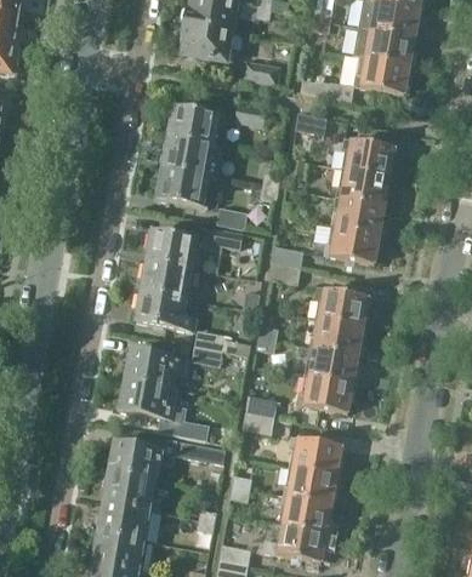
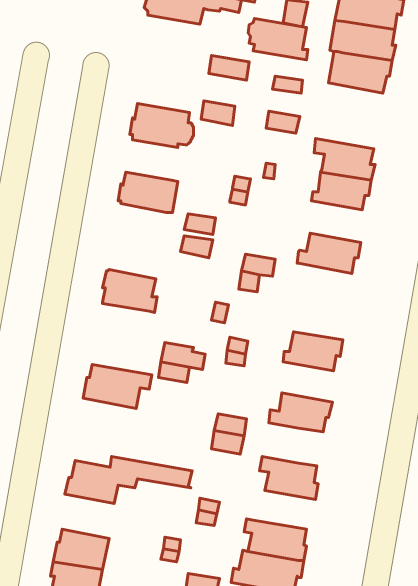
building: [178,23,234,62] -> [248,18,308,60]
building: [161,139,223,178] -> none
building: [335,196,386,235] -> none
building: [148,229,200,269] -> none
building: [307,275,369,326] -> none
building: [137,292,197,332] -> none
building: [308,347,359,384] -> none
building: [120,381,209,440] -> none
building: [283,467,341,503] -> none
building: [104,470,160,512] -> none

